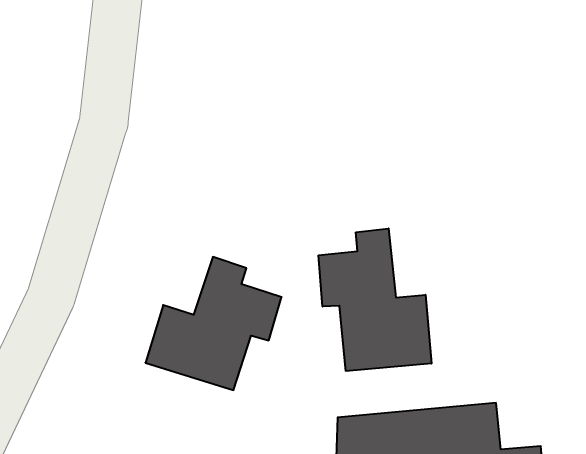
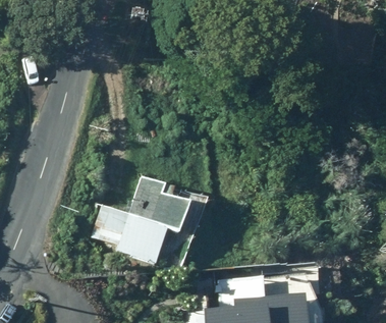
building: [319,228,431,371] -> none

